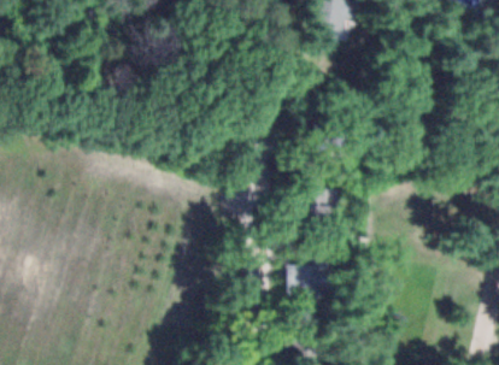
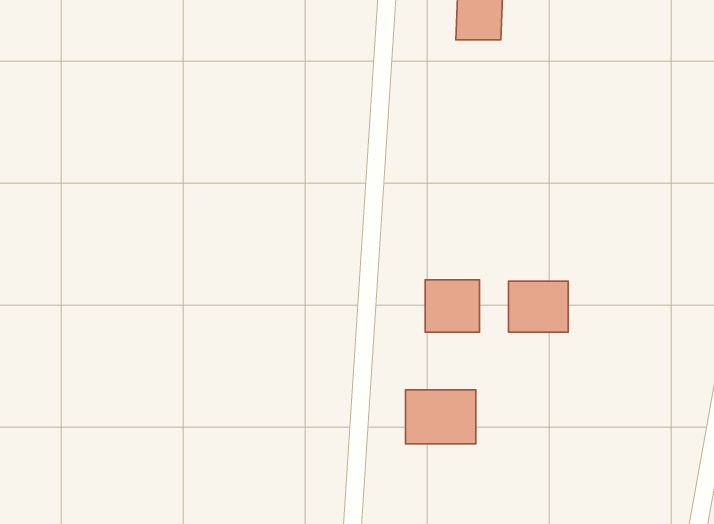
building: none -> [508,281,568,332]

